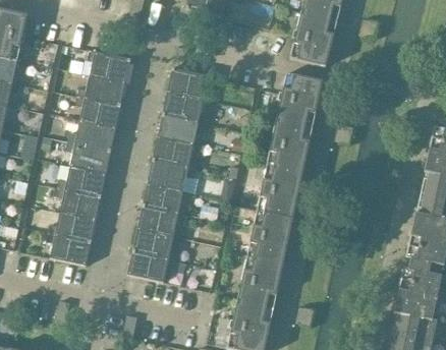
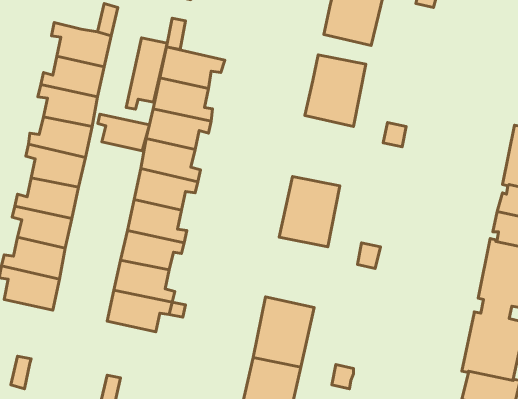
building: none -> [126,38,167,109]
building: none -> [98,114,149,151]
building: [267,119,313,172] -> none
building: [246,211,293,264] -> none

